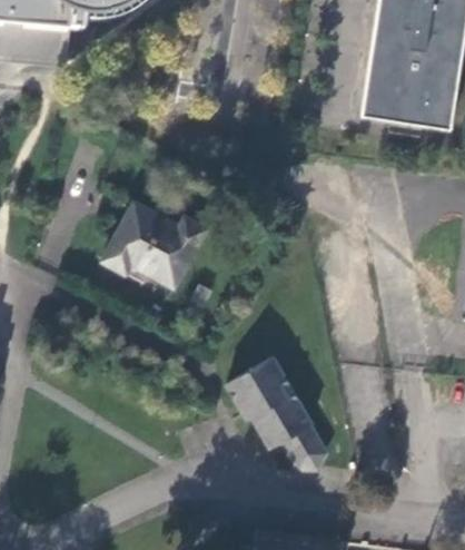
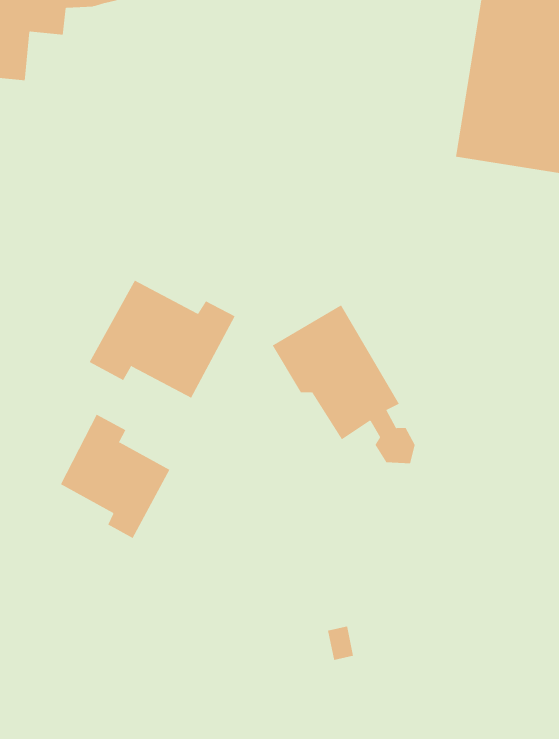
building: none -> [60,414,170,539]
building: [224,353,325,465] -> [272,304,416,464]

